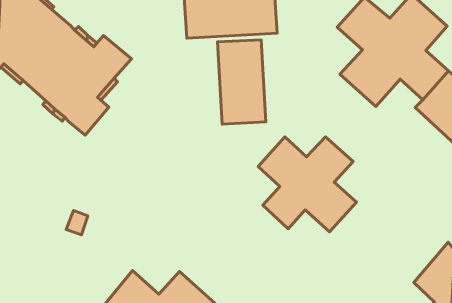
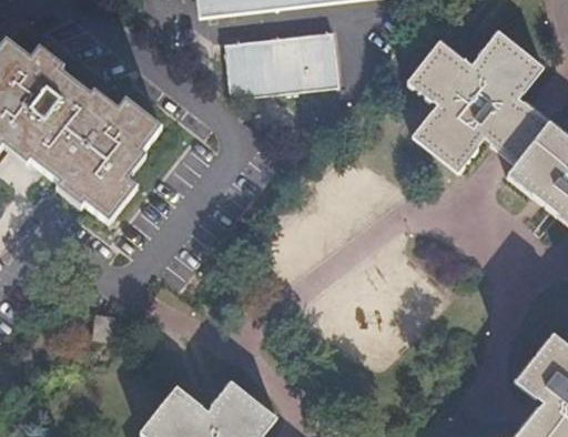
building: [217,40,266,124] -> none
building: [258,137,356,232] -> none

